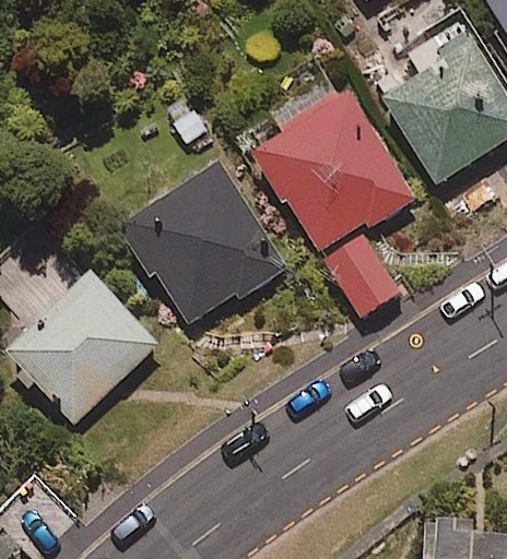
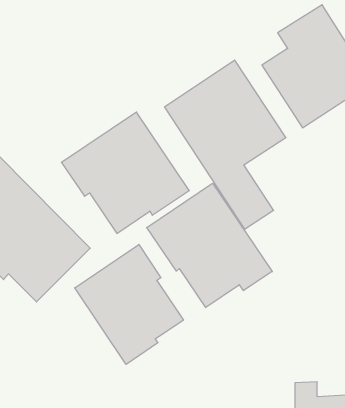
building: none -> [147,183,272,308]
building: none -> [75,244,183,364]

